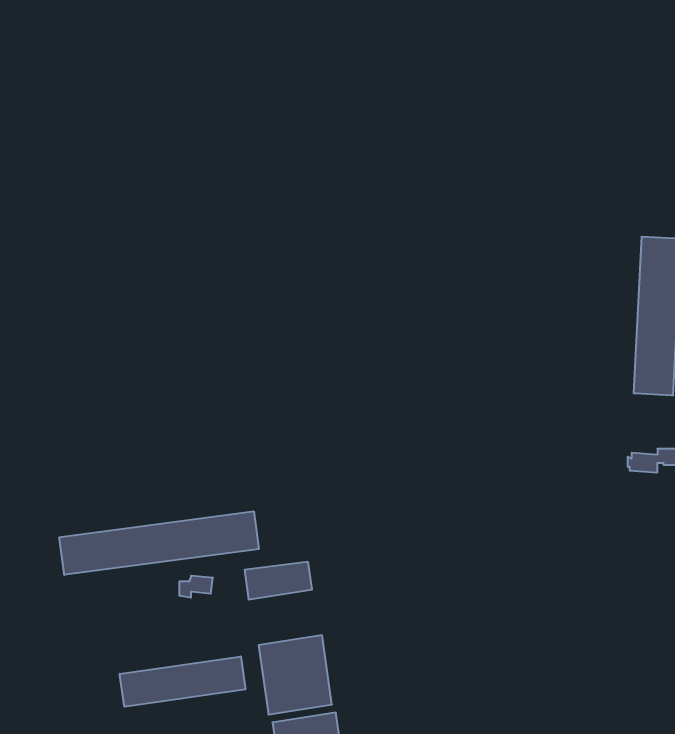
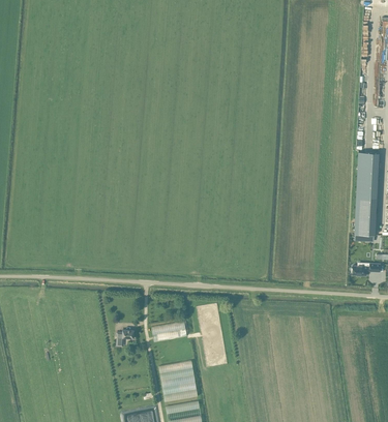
building: [59,511,259,575] -> none
building: [120,656,245,707] -> none

